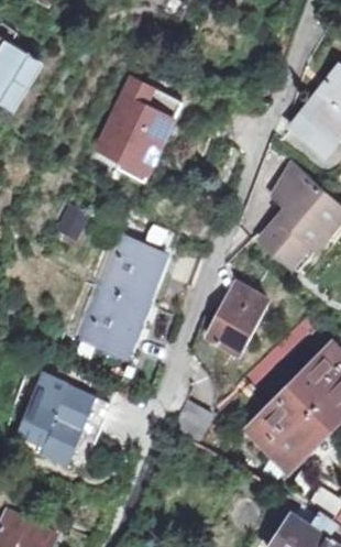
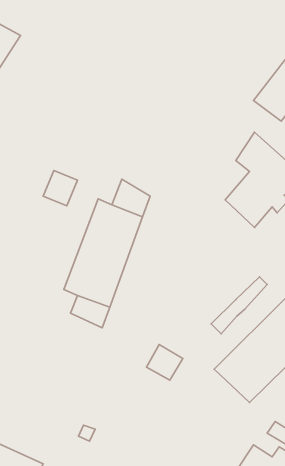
building: [99,84,174,180] -> none
building: [206,282,265,353] -> none
building: [16,382,110,453] -> none

